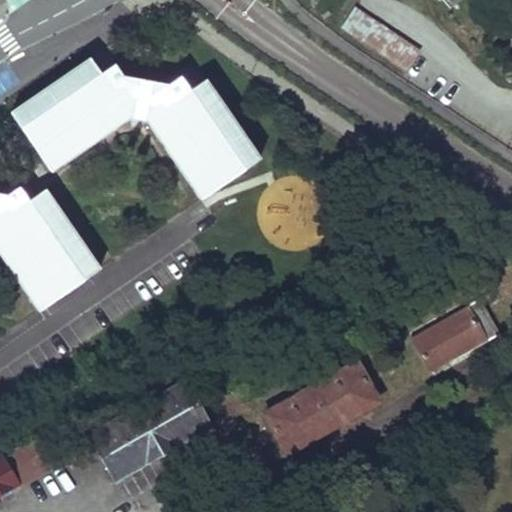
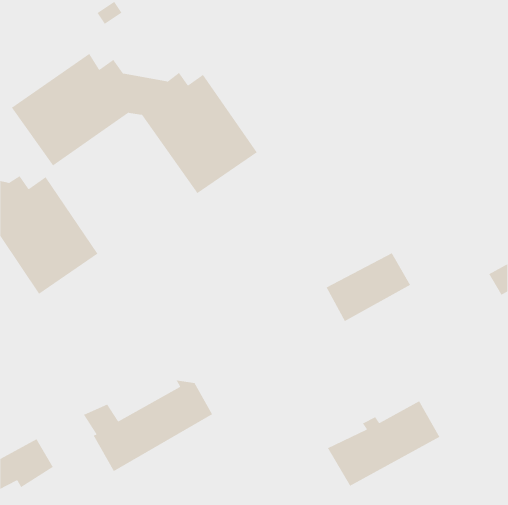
building: [411,304,497,374] -> [325,252,411,322]
building: [264,369,378,456] -> [327,400,440,487]

